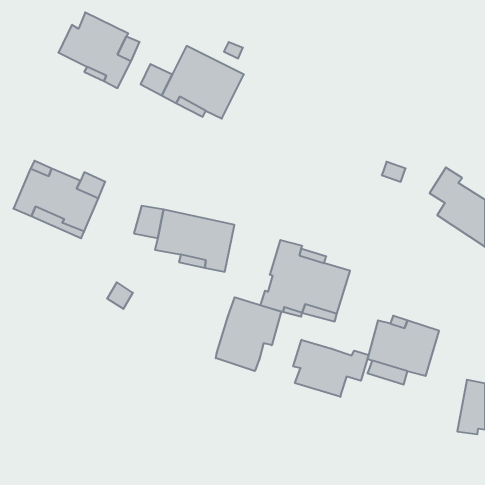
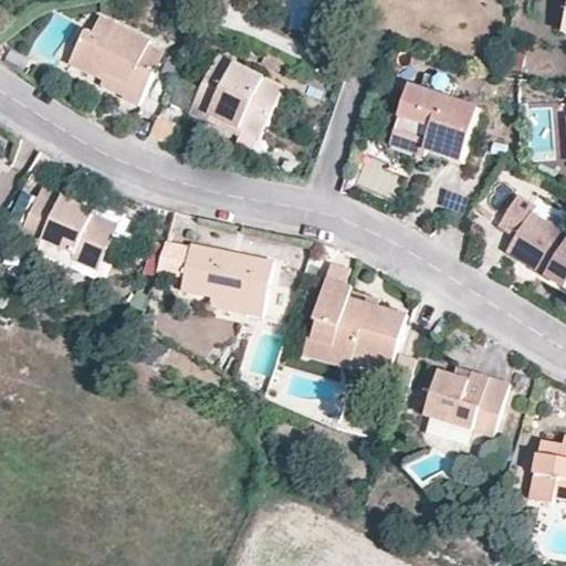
building: none -> [389,84,478,160]
building: [216,297,281,371] -> none
building: [293,340,368,397] -> none

